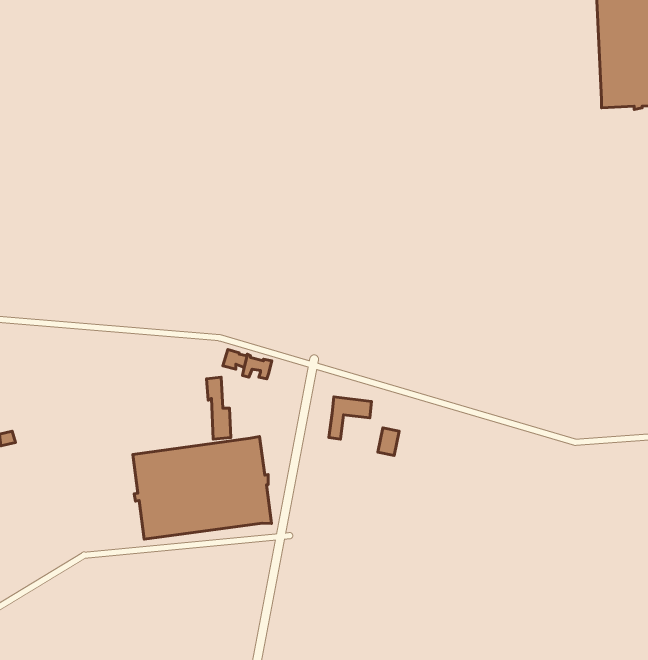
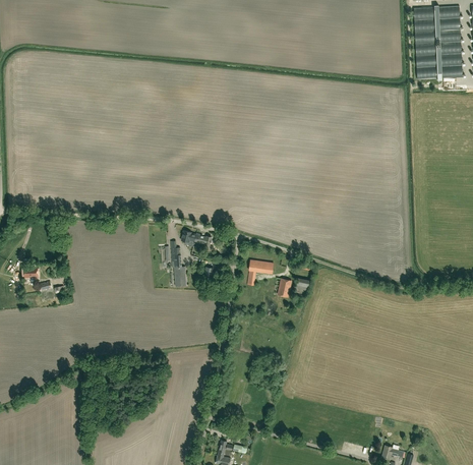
building: [133,437,271,539] -> none

